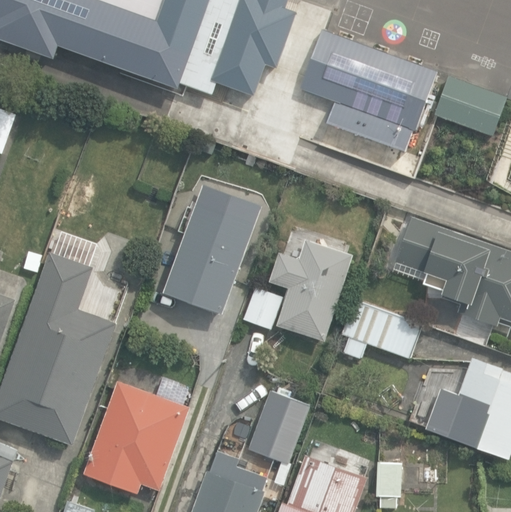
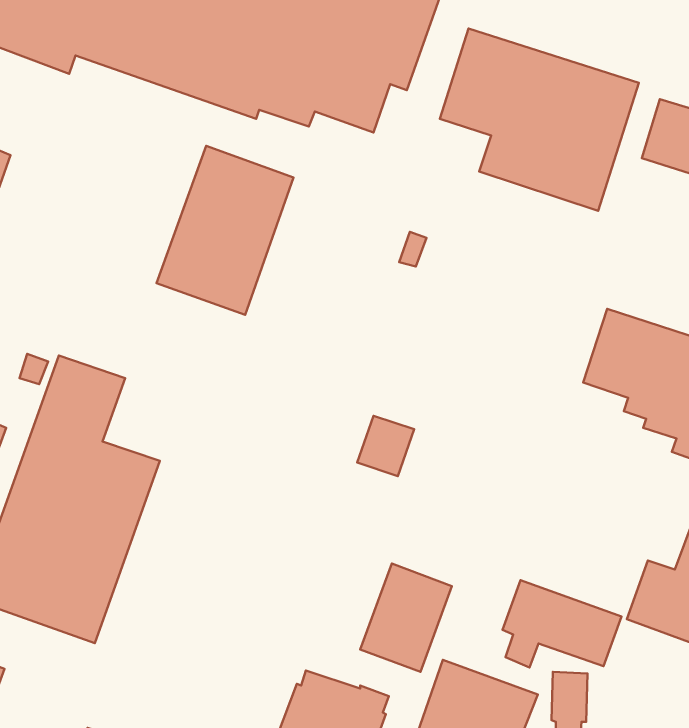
building: [166,202,257,314] -> [156,146,294,315]
building: [272,241,354,341] -> none
building: [344,301,423,359] -> [502,580,622,668]
building: [82,379,186,490] -> none

